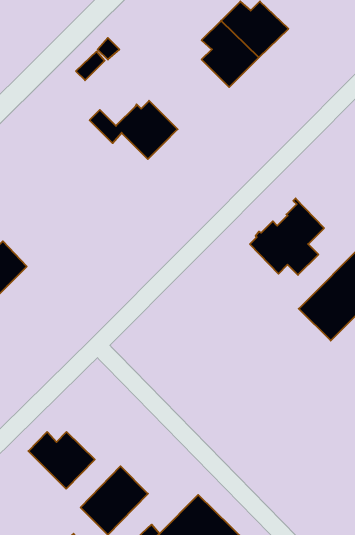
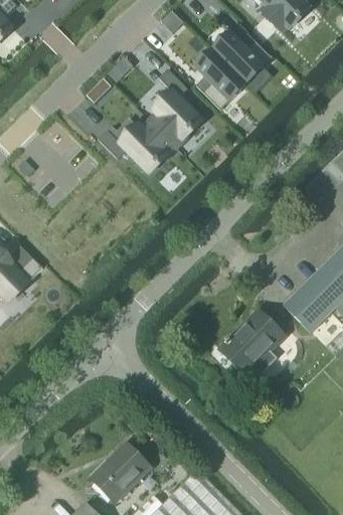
building: none -> [150,69,201,147]
building: [250,198,324,275] -> [217,309,283,376]
building: [28,432,95,489] -> none

